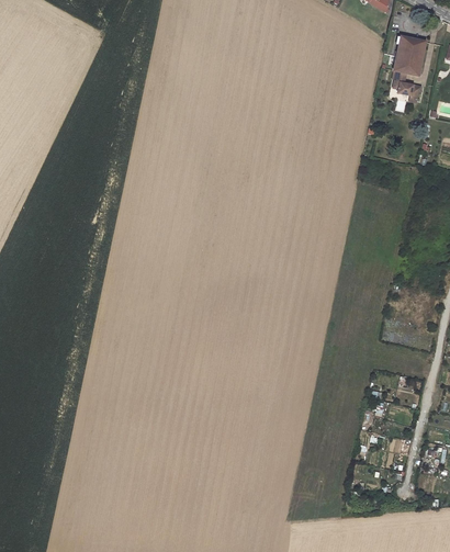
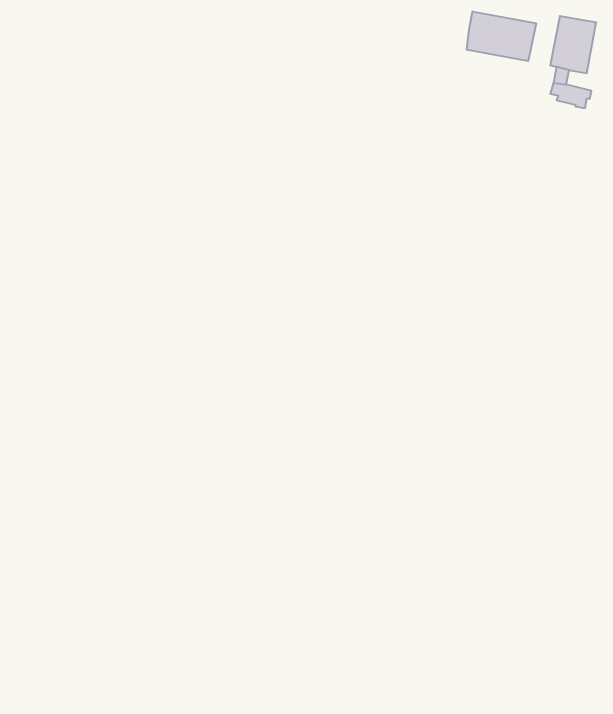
building: none -> [467,11,536,61]

